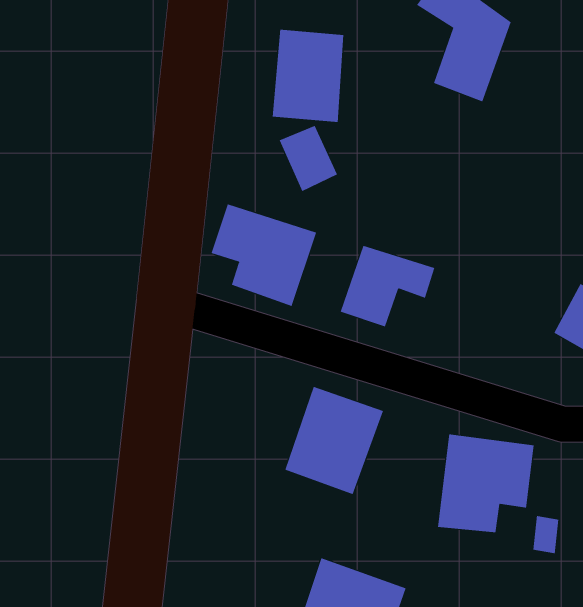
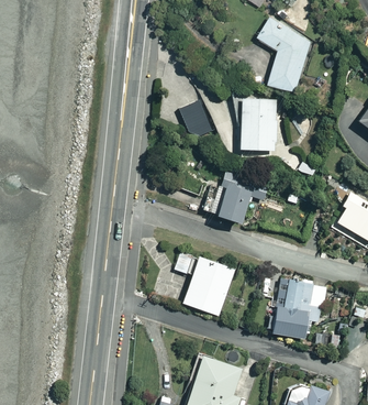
building: [272,29,344,122] -> [236,97,278,151]
building: [211,203,317,307] -> none

